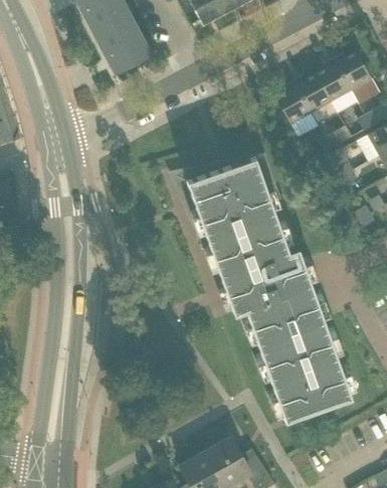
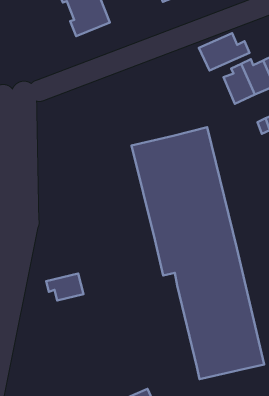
building: none -> [199,33,249,71]
building: none -> [46,273,84,301]

